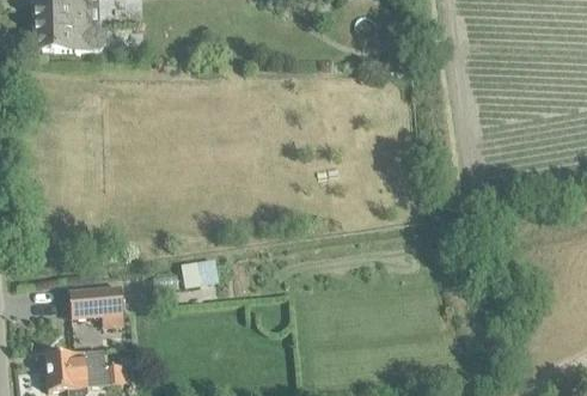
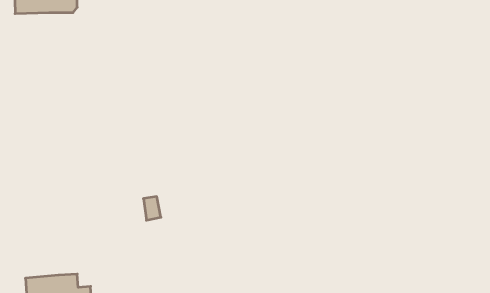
building: [68,285,124,317] -> none

